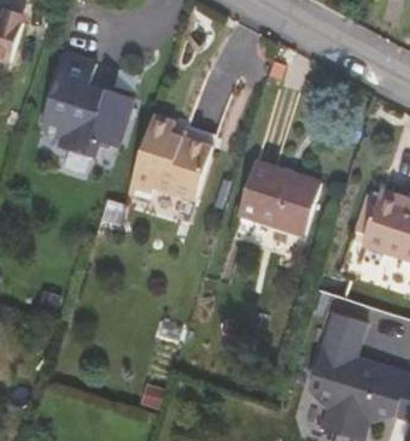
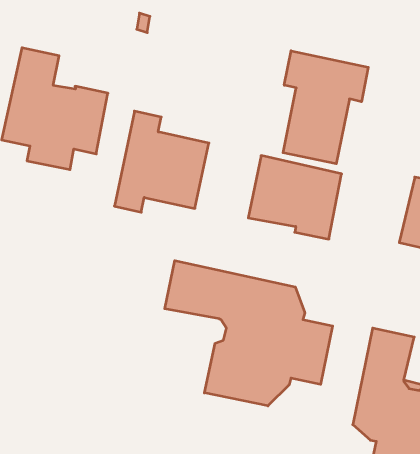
building: none -> [283,51,368,164]
building: none -> [165,261,333,406]

